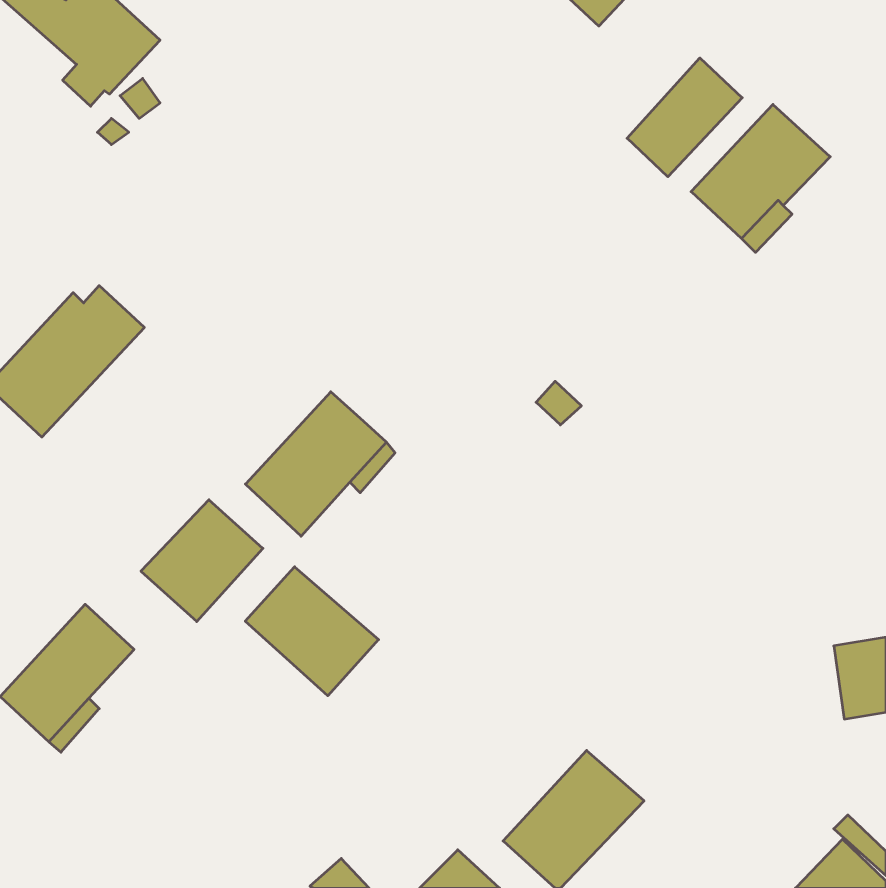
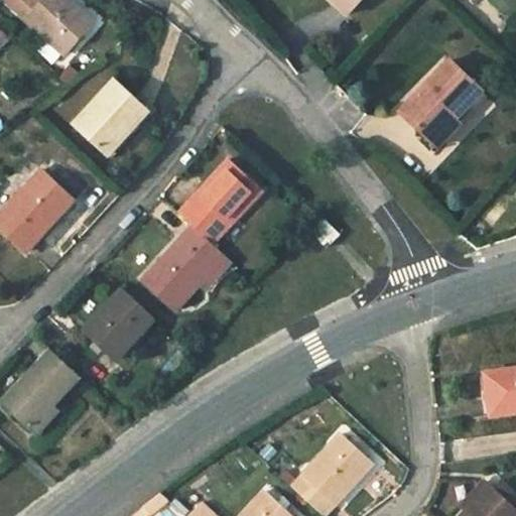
building: [627,58,742,177] -> none
building: none -> [72,80,149,160]
building: none -> [176,159,261,244]
building: [245,567,379,696] -> none

